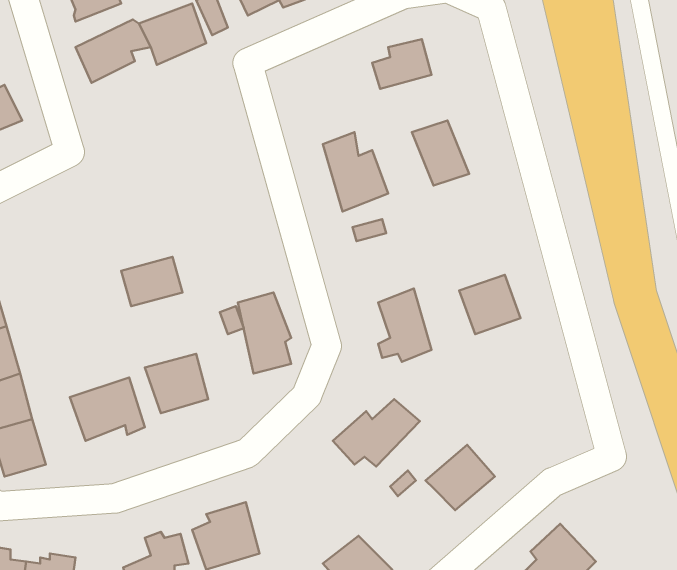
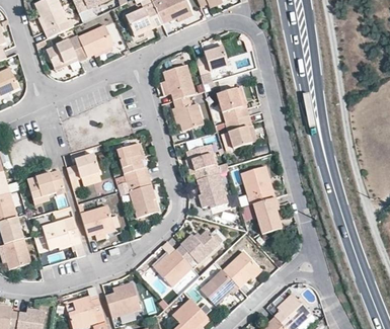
building: none -> [161,63,194,98]
building: none -> [224,113,251,148]
building: none -> [120,145,146,179]
building: none -> [190,146,218,179]
building: none -> [26,170,62,199]
building: none -> [247,198,279,231]
building: none -> [157,250,192,285]
building: none -> [198,270,239,311]

